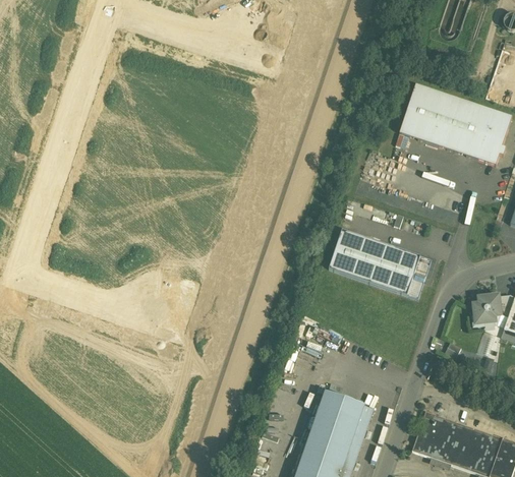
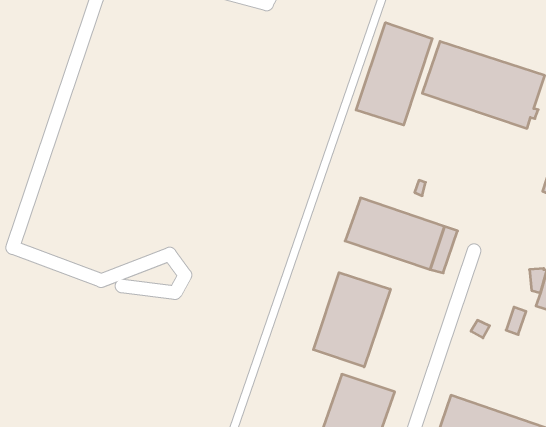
building: none -> [356,23,432,125]
building: [471,294,500,324] -> none
building: none -> [313,273,390,367]

